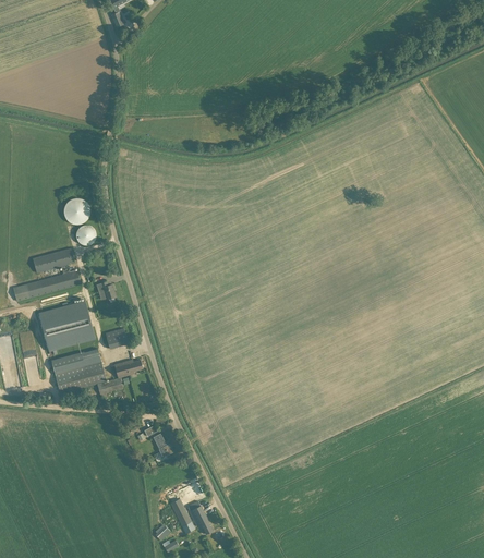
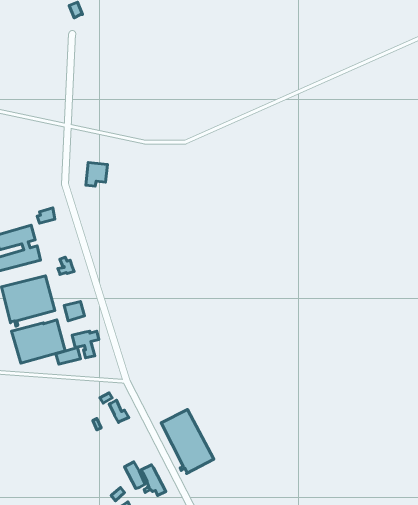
building: [65,197,88,222] -> [86,163,108,186]
building: none -> [161,409,214,473]

